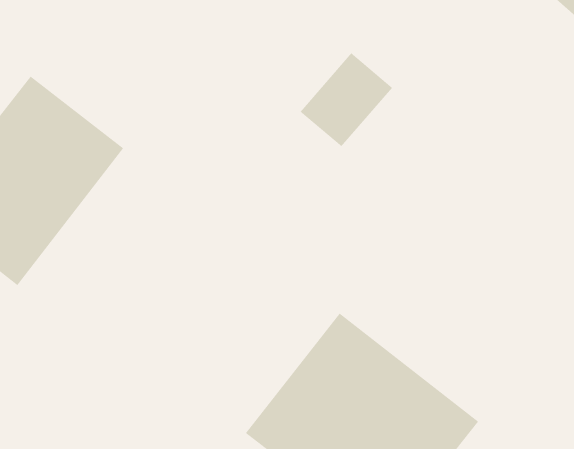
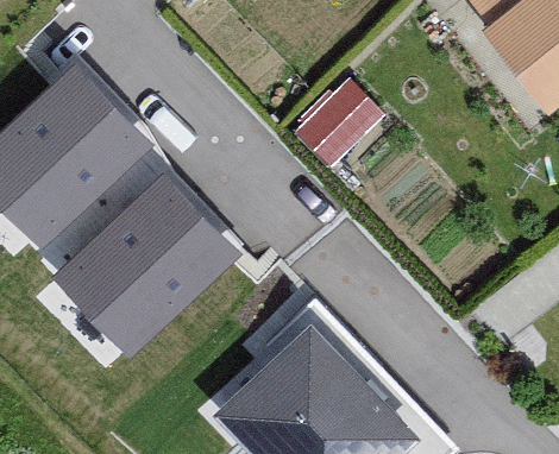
building: none -> [62,185,230,351]

